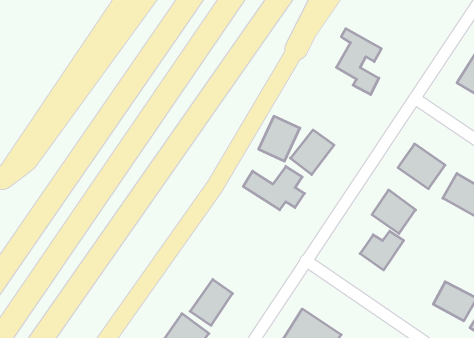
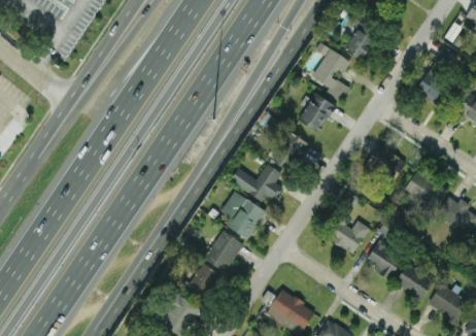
building: none -> [344,23,377,59]
building: [259,116,300,161] -> [299,93,335,132]
building: [372,190,416,234] -> [365,239,403,277]
building: none -> [220,190,266,238]
building: none -> [204,229,243,271]

